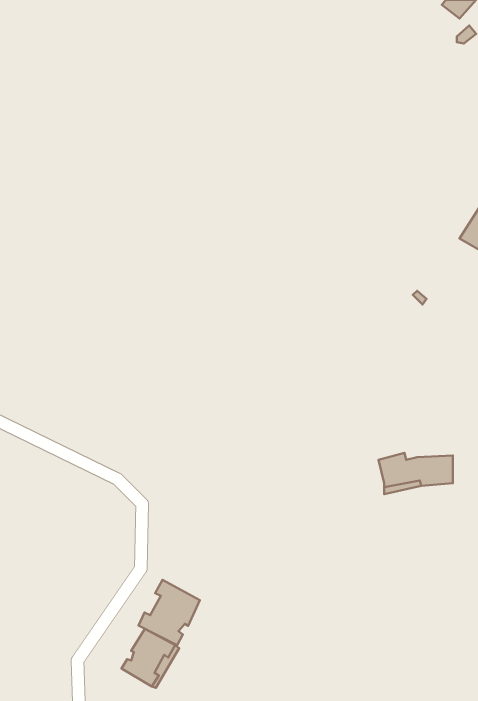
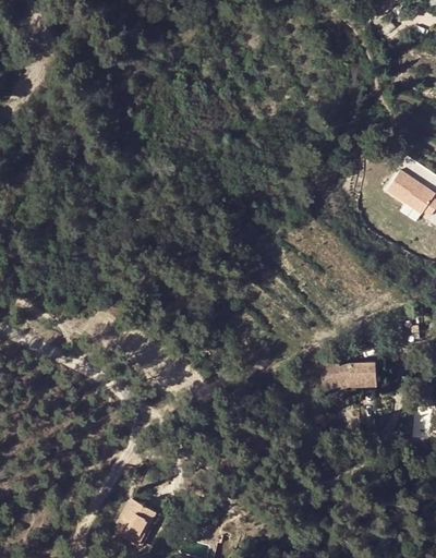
building: [139,580,200,645] -> none

